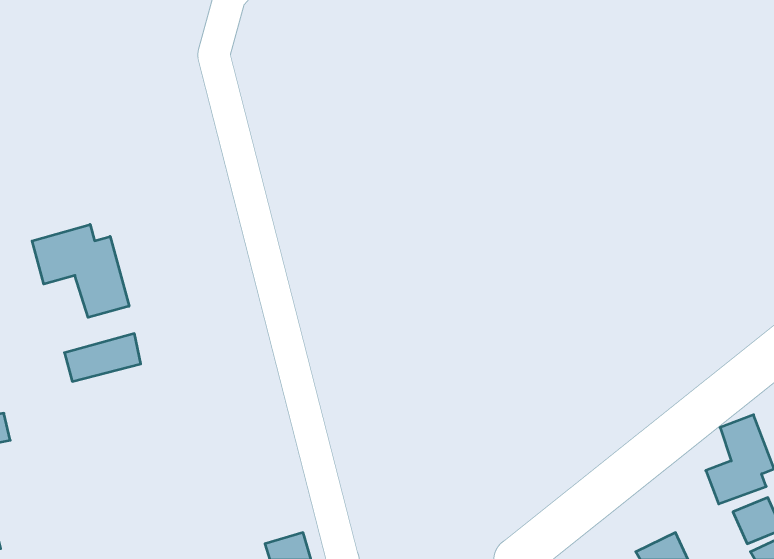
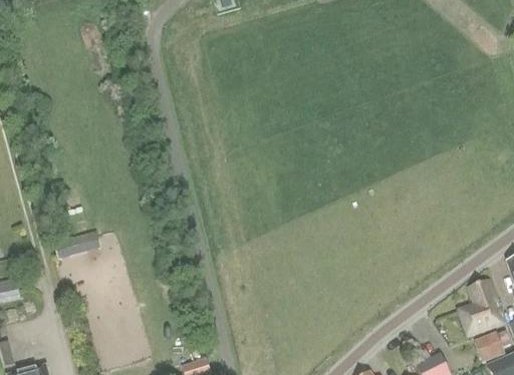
building: [32,224,129,317] -> none

